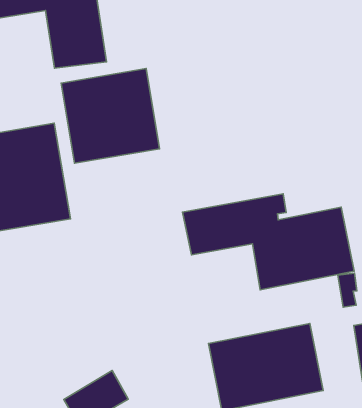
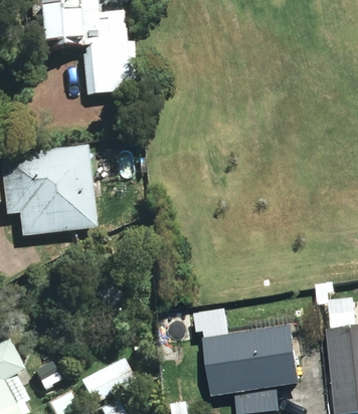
building: [61,69,159,163] -> none
building: [183,194,354,290] -> none

